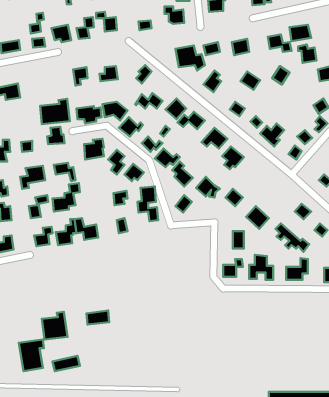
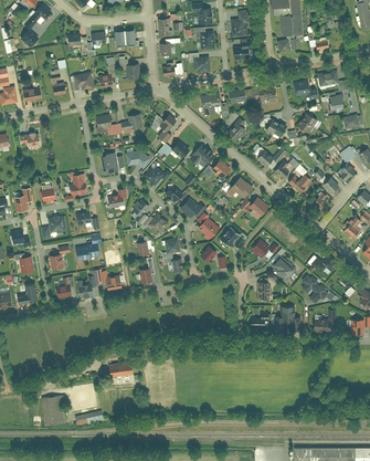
building: [40,99,70,124] -> none
building: [42,312,67,339] -> none

